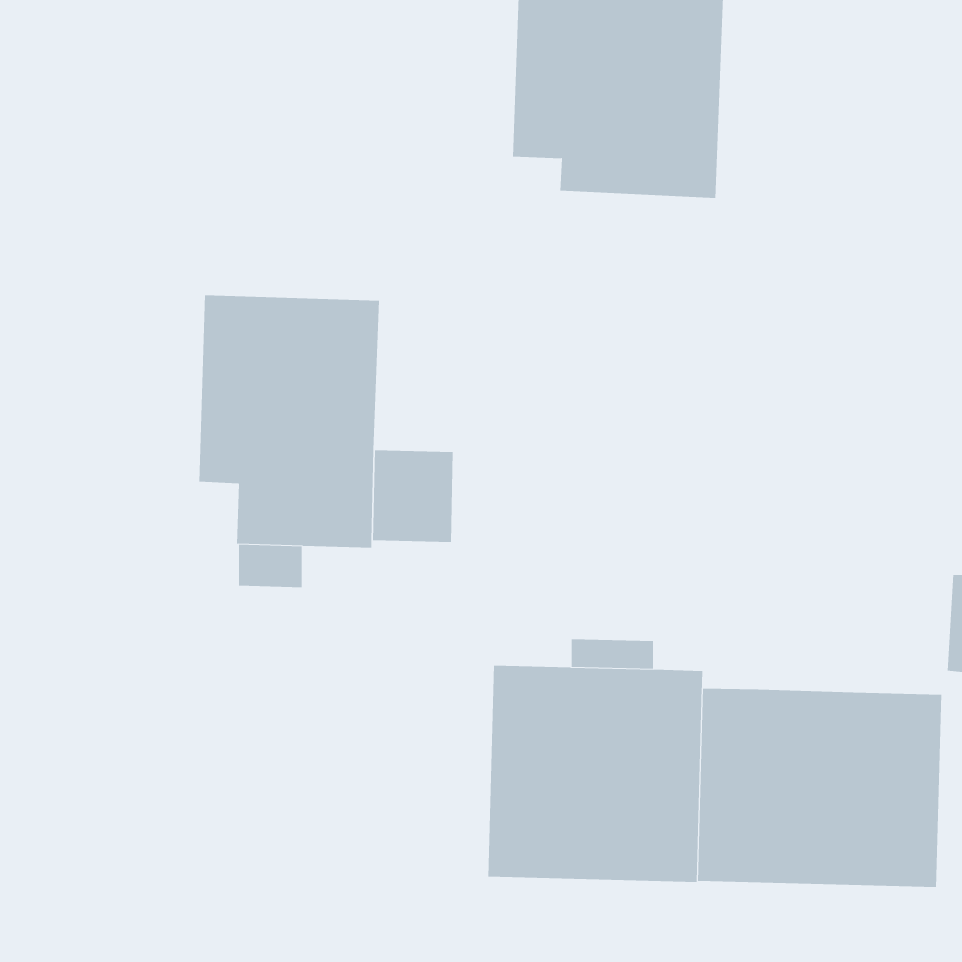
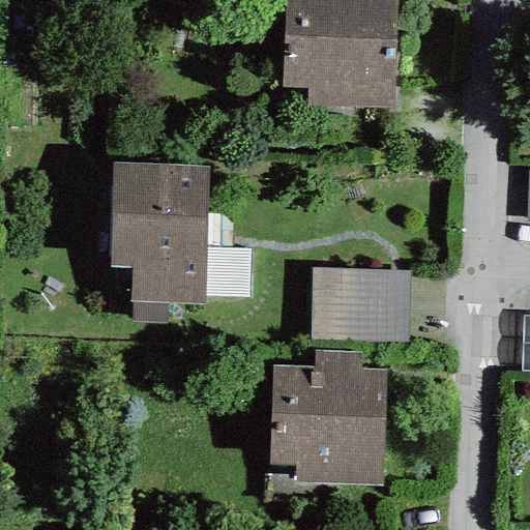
building: none -> [310,266,410,340]
building: [697,688,942,888] -> none

